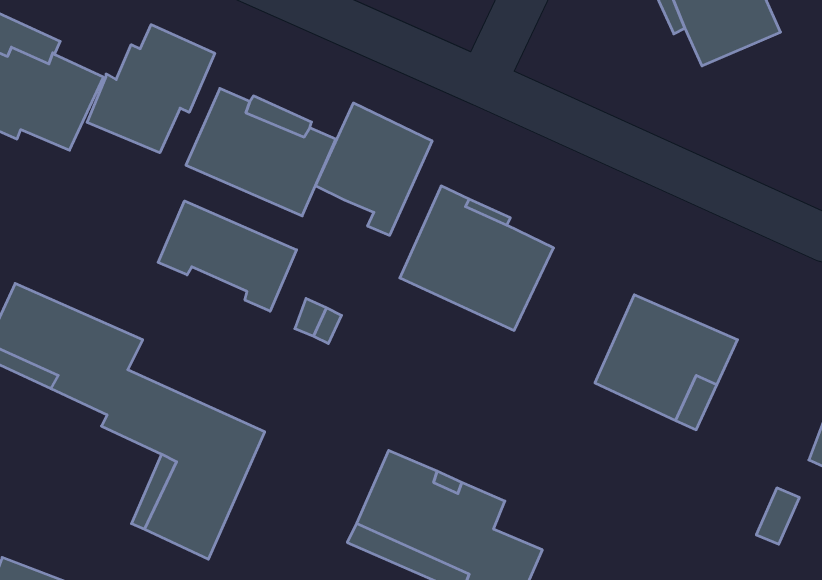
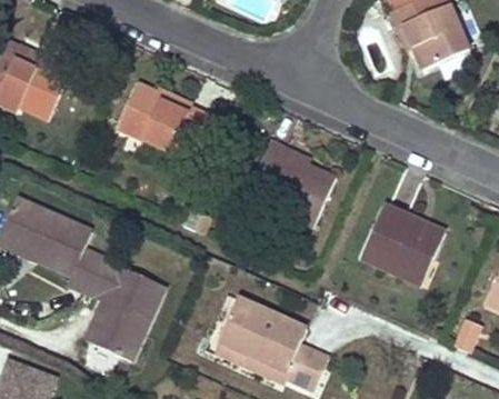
building: [87,25,215,153] -> none
building: [315,103,432,235] -> none
building: [158,201,297,311] -> none

